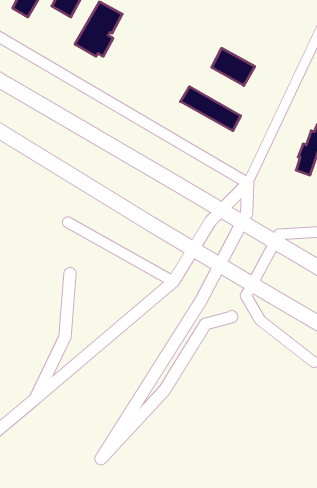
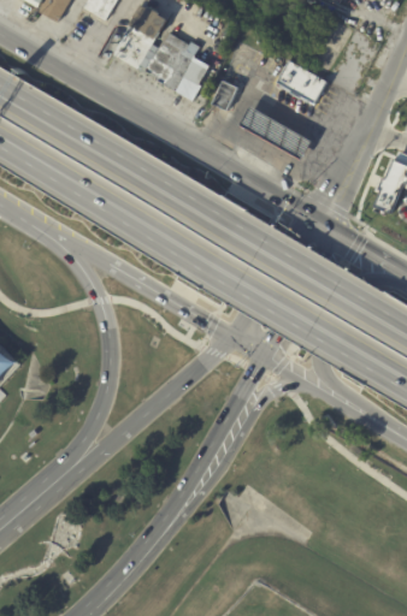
building: none -> [147,20,210,97]
building: none -> [211,79,241,112]

